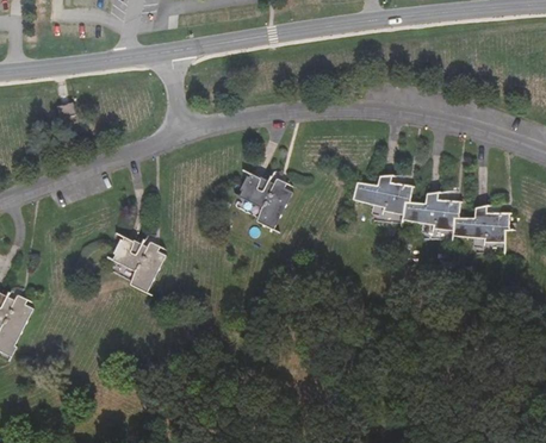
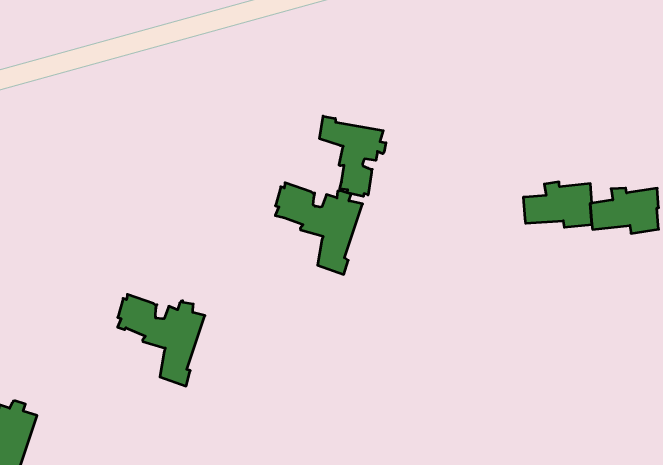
building: none -> [320,116,386,196]
building: [360,183,411,218] -> none

